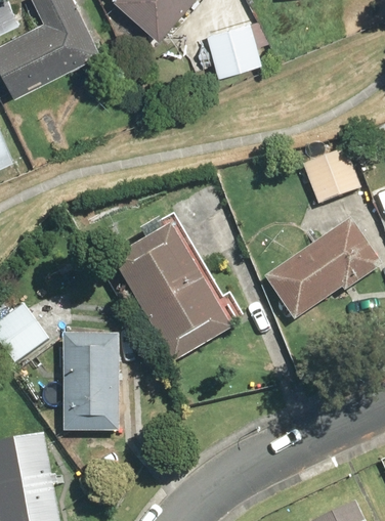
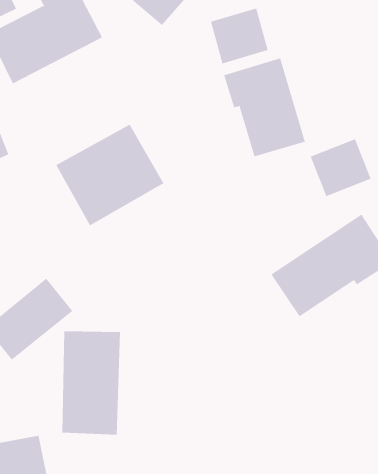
building: none -> [224,57,306,157]
building: none -> [55,124,164,226]
building: [114,215,231,361] -> none

